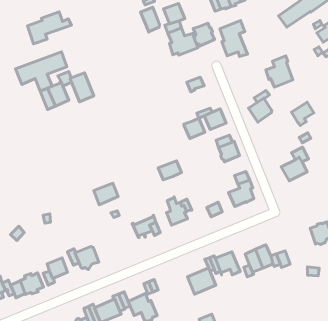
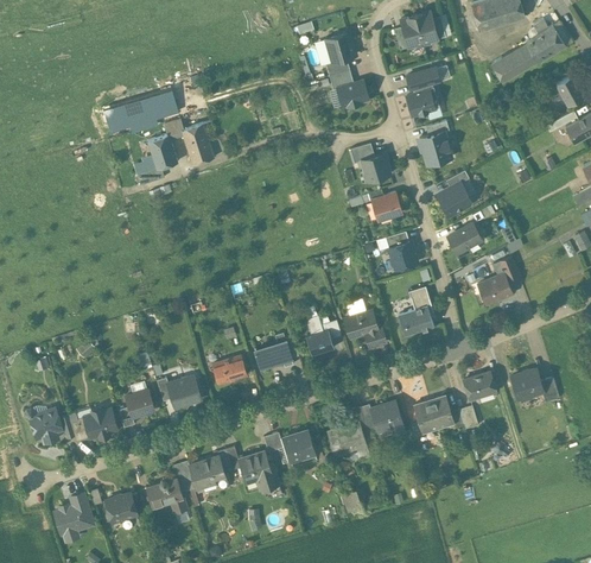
building: [141,7,160,32] -> none
building: [28,12,71,44] -> none
building: [193,23,215,46] -> none
building: [266,56,293,87] -> [415,122,453,166]
building: [292,102,314,125] -> [449,223,481,257]
building: [184,118,205,138] -> [361,153,390,182]
building: [158,161,181,180] -> [344,311,377,337]
building: [94,183,118,205] -> [212,355,247,385]
building: none -> [464,373,496,399]
building: none -> [284,430,314,457]

